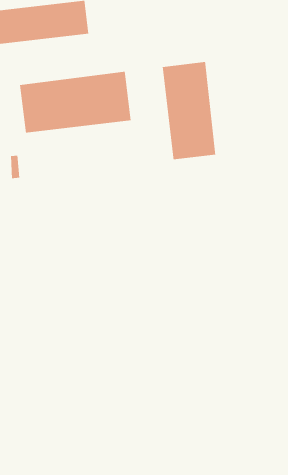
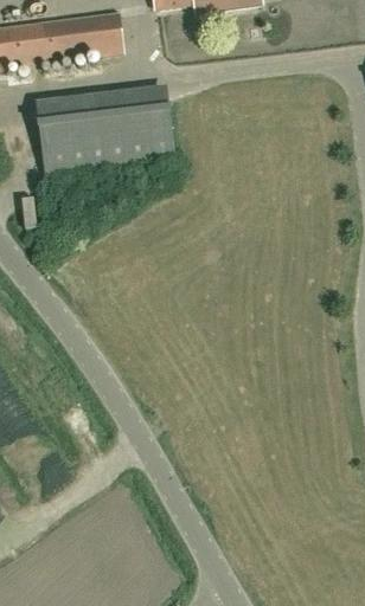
building: [162,61,216,160] -> none

